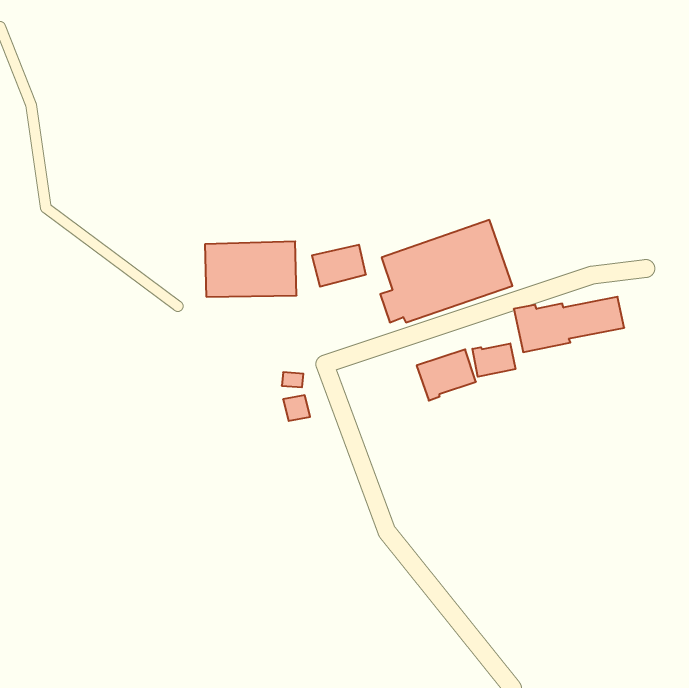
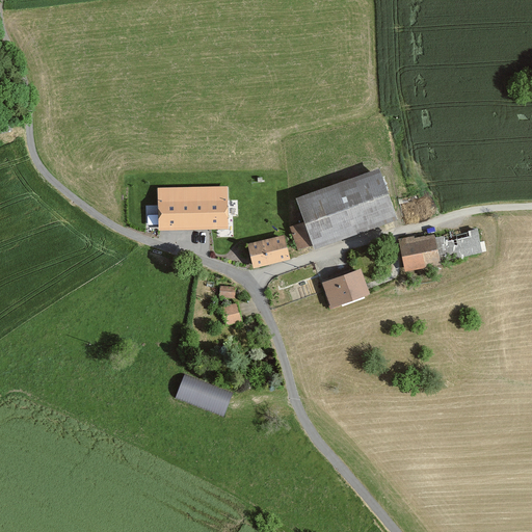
building: [312,245,366,287] -> [247,234,289,266]
building: [472,343,515,377] -> none
building: none -> [176,374,233,416]

